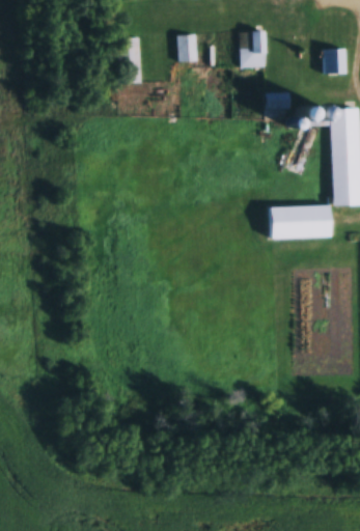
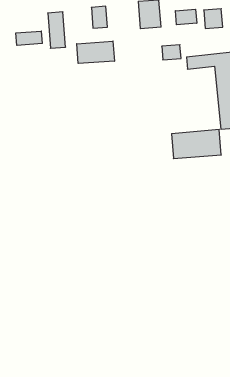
building: none -> [175,9,197,25]
building: none -> [16,31,42,45]
building: none -> [77,41,114,63]

